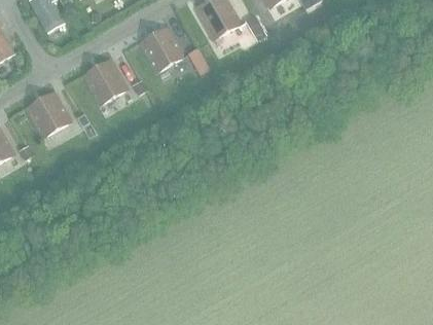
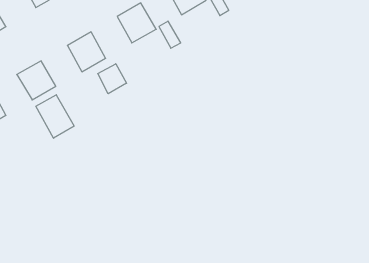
building: none -> [98,64,127,94]
building: none -> [36,95,74,138]

